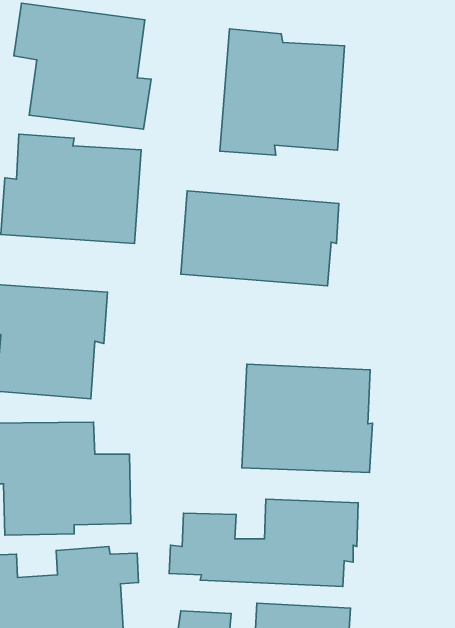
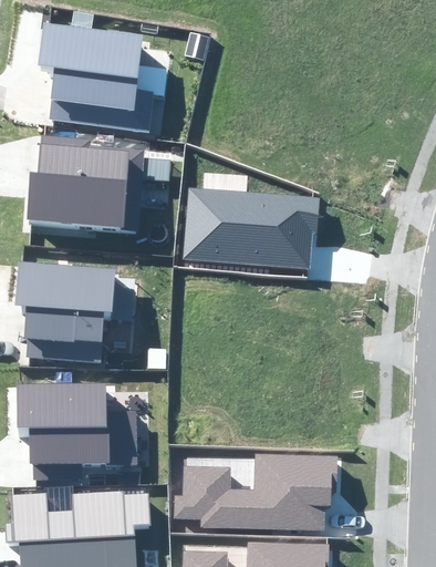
building: [220,29,345,155] -> none
building: [242,364,372,472] -> none

